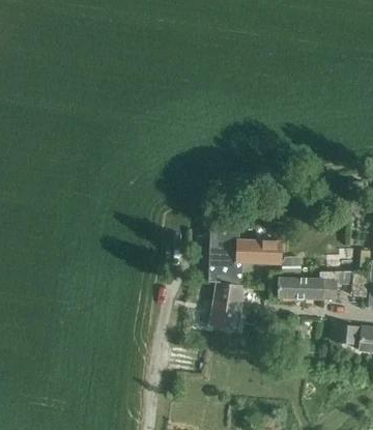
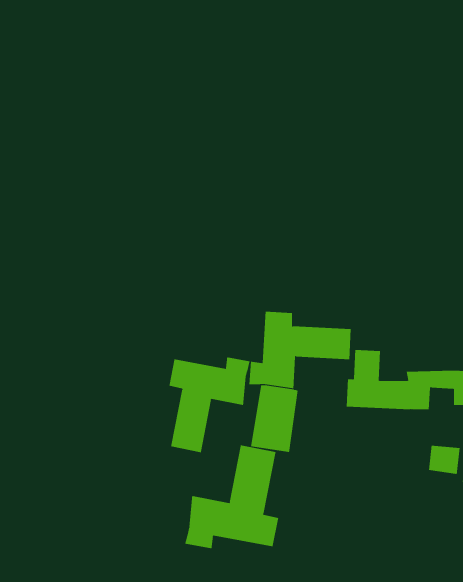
building: none -> [169,356,250,453]
building: none -> [185,445,279,549]

